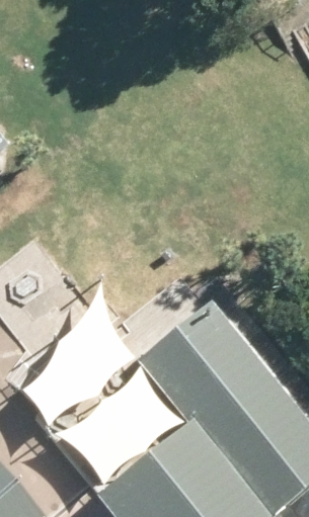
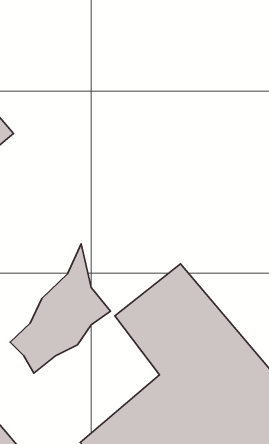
building: [52,367,179,482] -> none

